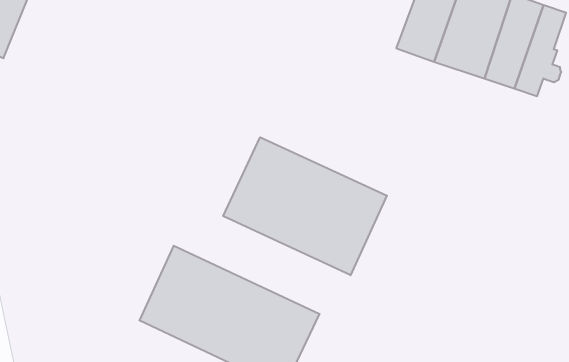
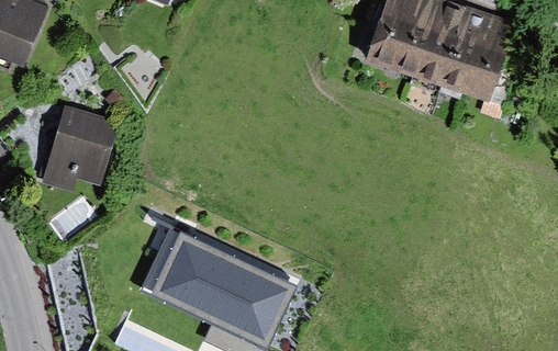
building: none -> [40,104,116,192]
building: [223,137,387,275] -> none

